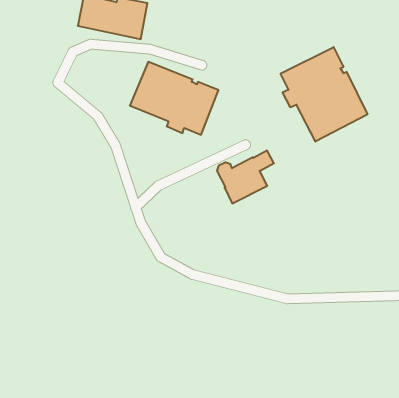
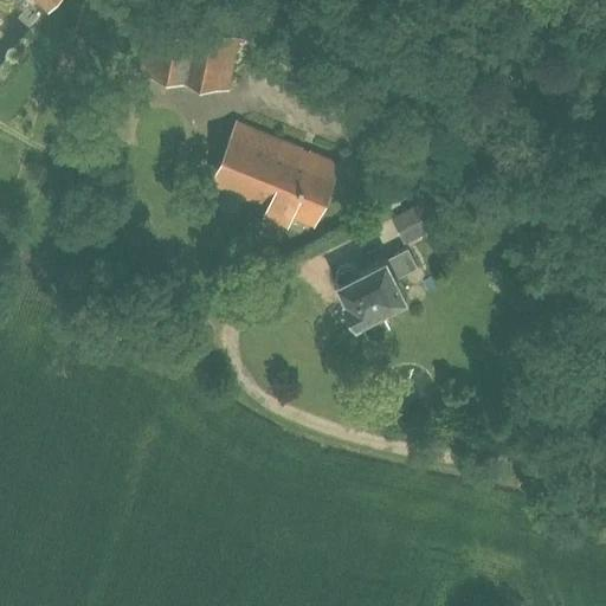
building: [281,47,367,142] -> none
building: none -> [393,205,431,245]

